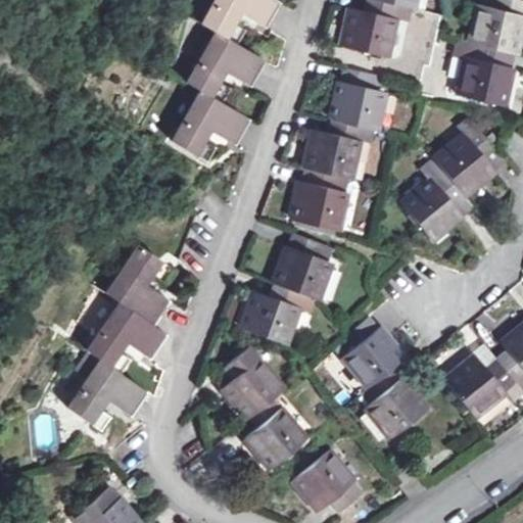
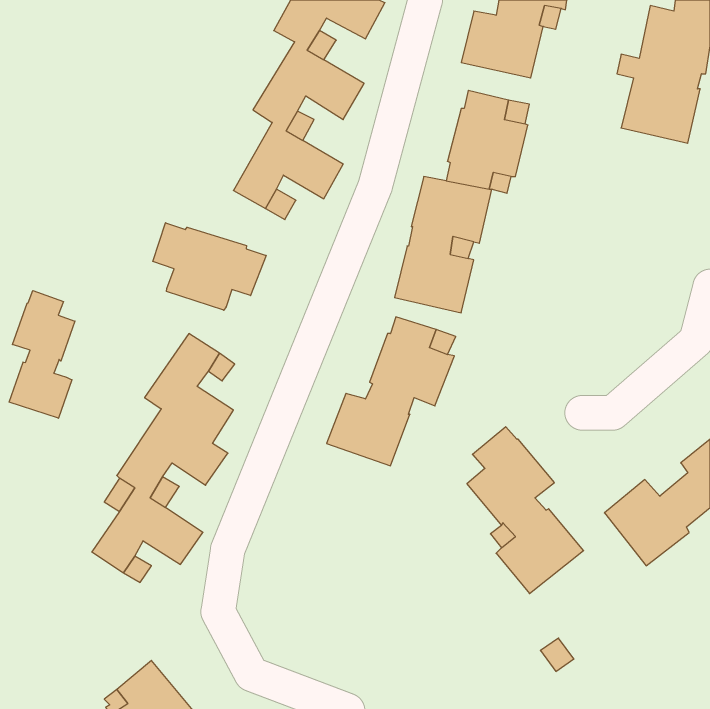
building: [402,127,508,241] -> none
building: none -> [153,223,266,310]
building: none -> [9,291,75,418]
building: [221,345,307,469] -> none
building: [290,451,360,513] -> none

